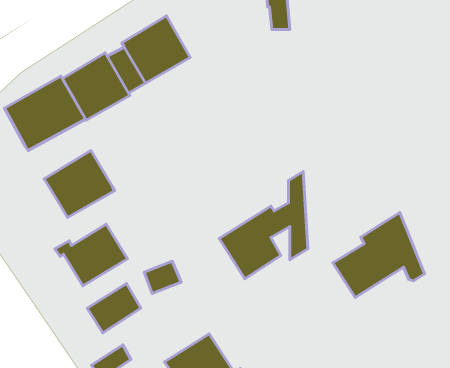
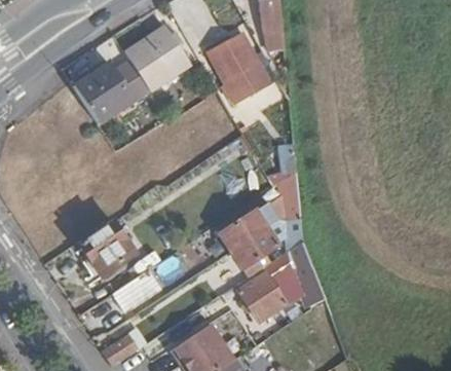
building: none -> [209,31,261,96]
building: [5,76,86,151] -> none
building: [44,151,114,217] -> none
building: [333,212,425,297] -> [238,244,323,322]

